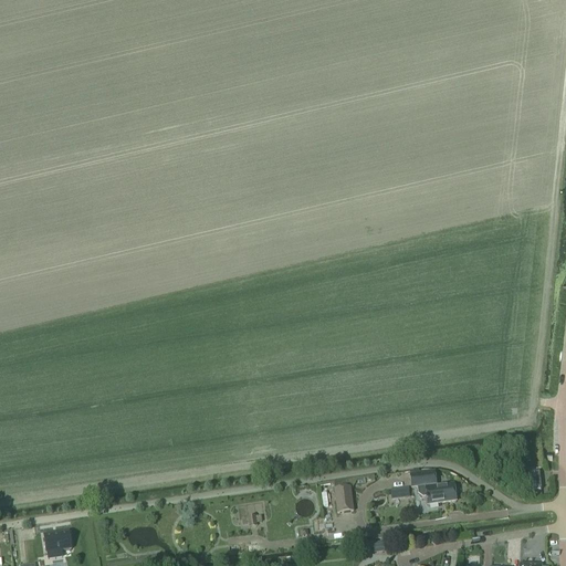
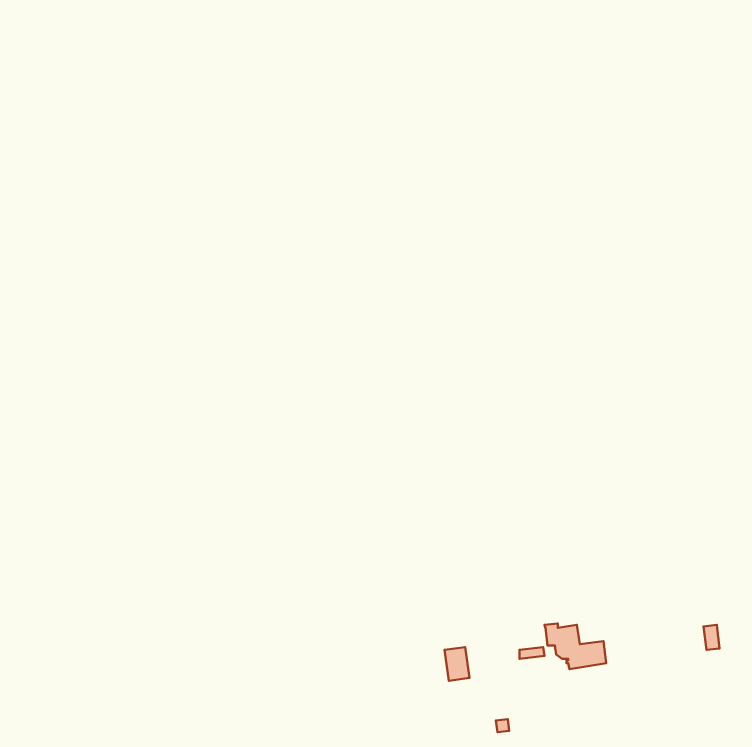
building: [43,531,71,552] -> none

